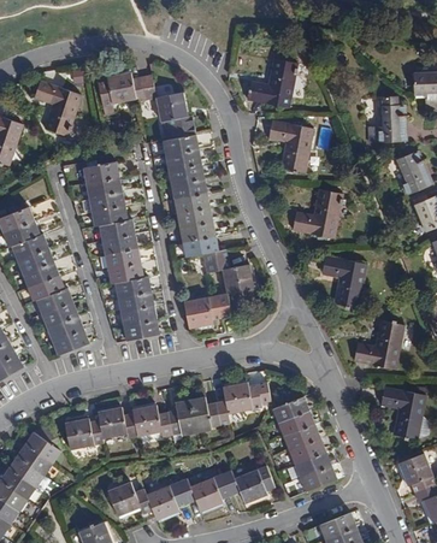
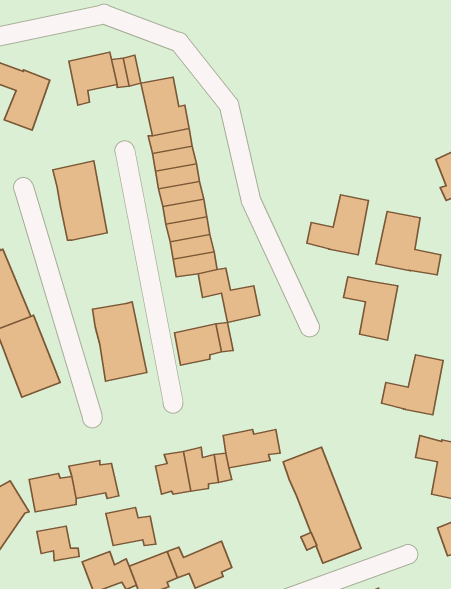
building: [247,59,297,107] -> none
building: [367,96,404,142] -> none
building: [268,120,313,173] -> none
building: none -> [376,212,441,275]
building: [99,219,143,284] -> none
building: [131,405,172,436] -> [106,507,156,546]
building: none -> [37,526,79,561]
building: [222,466,274,503] -> none

